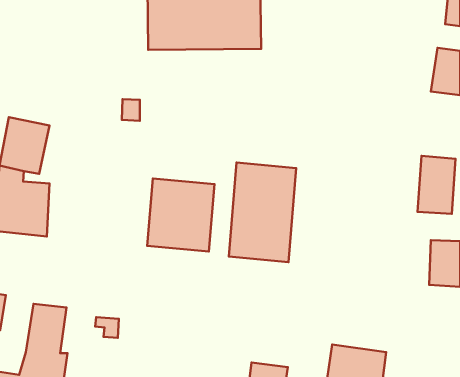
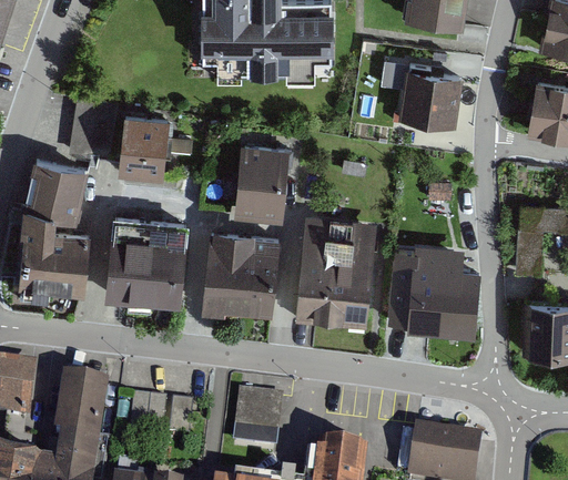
building: none -> [397,70,463,129]
building: none -> [119,112,170,180]
building: none -> [235,140,284,219]
building: none -> [109,218,186,306]
building: none -> [402,245,474,334]
building: none -> [233,390,282,436]

